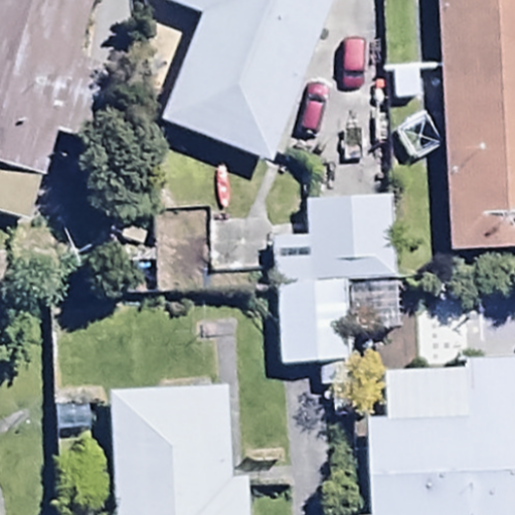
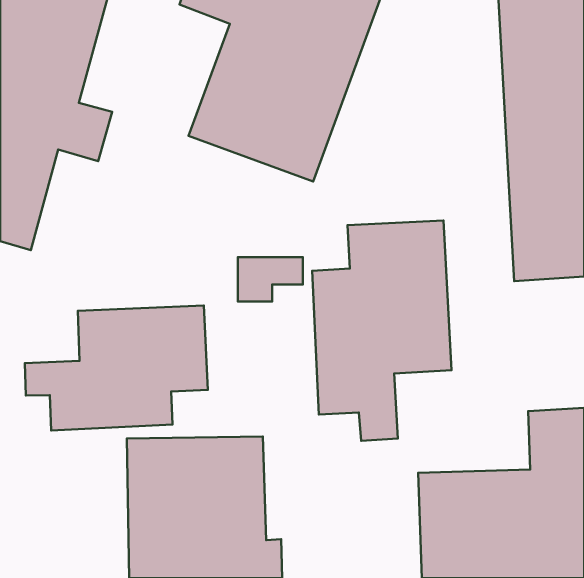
building: none -> [25,305,208,430]

